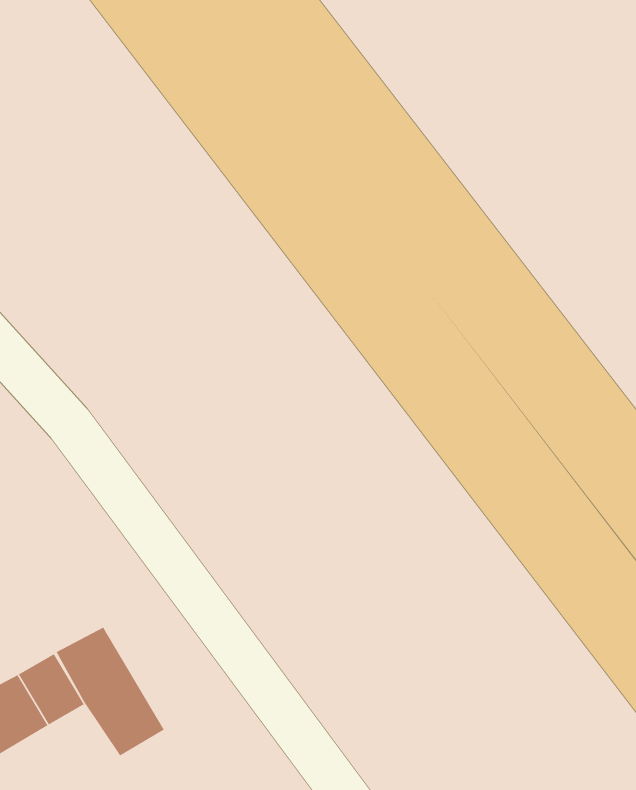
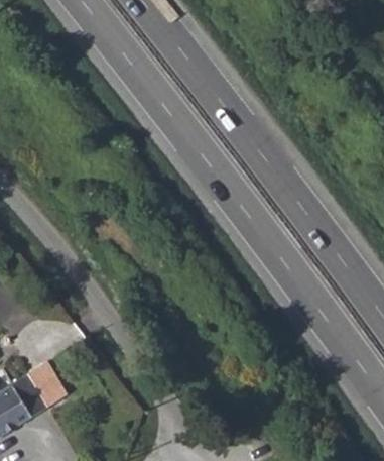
building: [55,626,165,757] -> none

